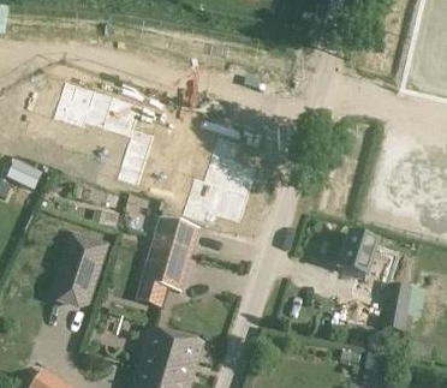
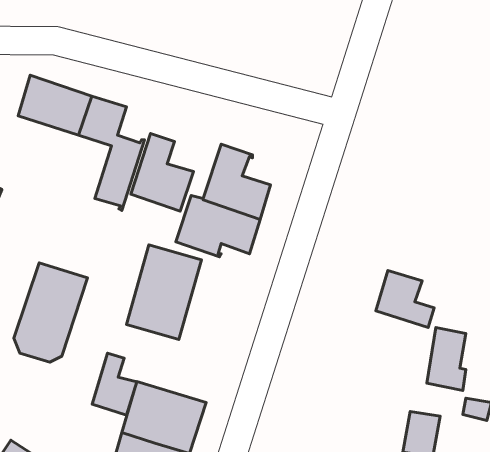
building: none -> [131,134,194,211]
building: none -> [92,353,137,415]

